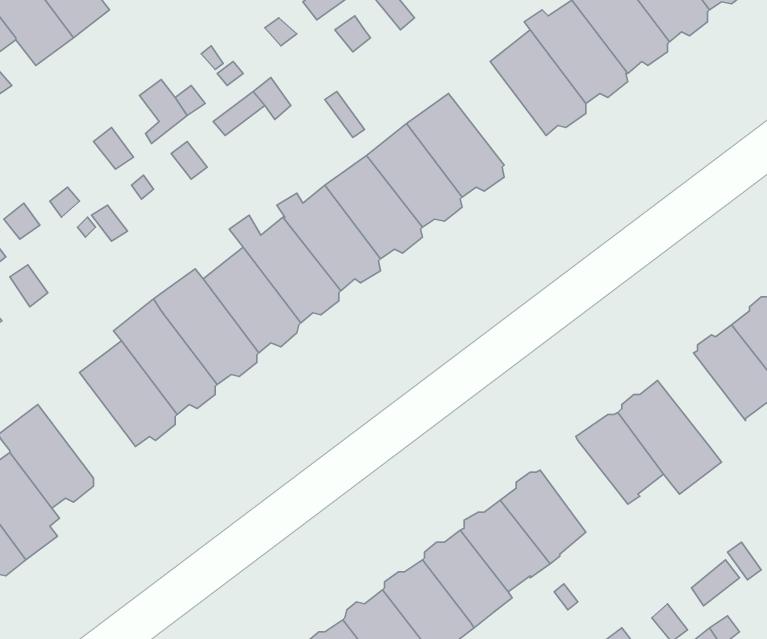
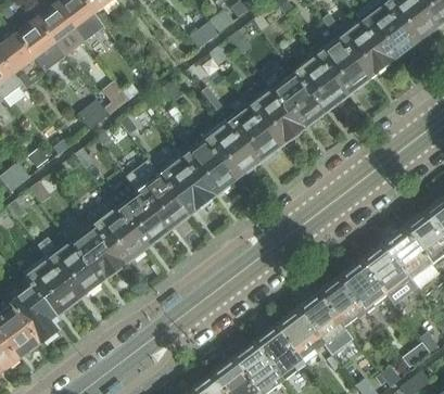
building: none -> [265,72,322,128]
building: none -> [383,230,437,289]
building: none -> [46,241,99,298]
building: none -> [319,276,367,328]

